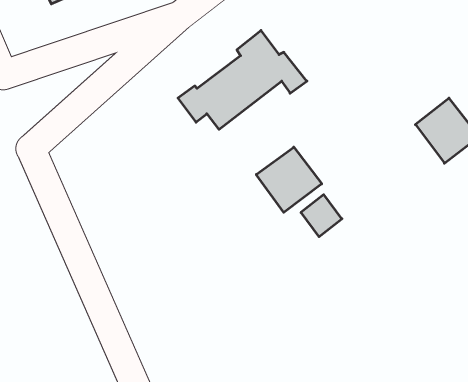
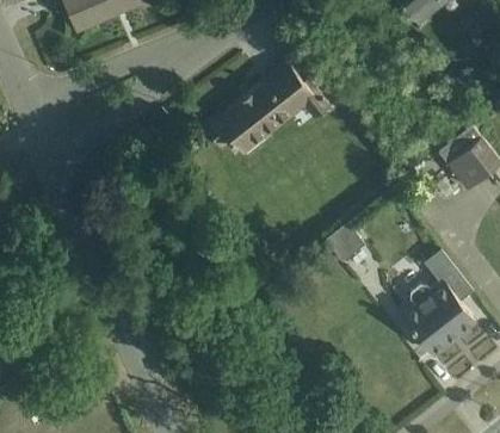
building: [256,147,322,212] -> none
building: none -> [400,248,474,353]

